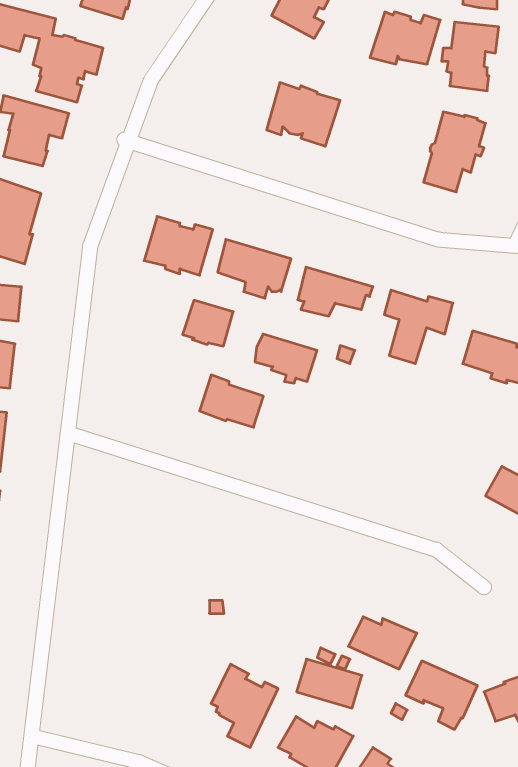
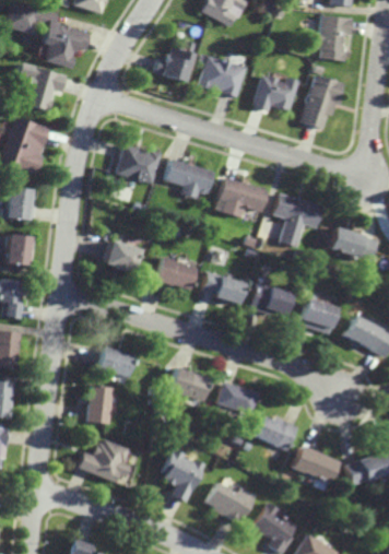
building: [370,12,440,64] -> [254,76,300,111]
building: none -> [154,42,196,84]
building: [183,300,233,346] -> [105,237,139,268]
building: [255,334,317,383] -> [203,269,245,302]
building: none -> [250,281,293,314]
building: none -> [300,291,339,332]
building: none -> [98,344,134,376]
building: none -> [169,364,210,399]
building: none -> [87,384,113,423]
building: none -> [79,439,133,483]
building: [297,659,362,708] -> [215,380,259,413]

